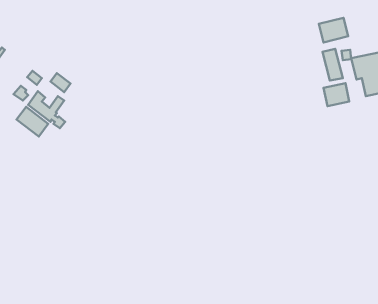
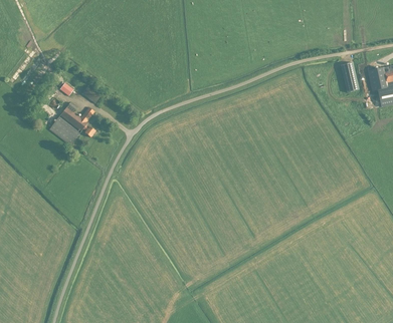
building: [319,18,348,42] -> none
building: [324,83,349,106] -> none

